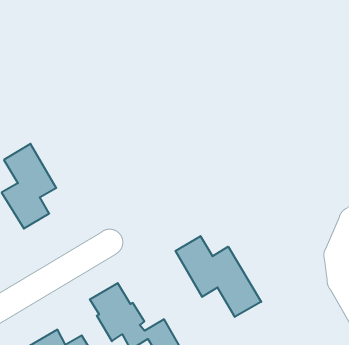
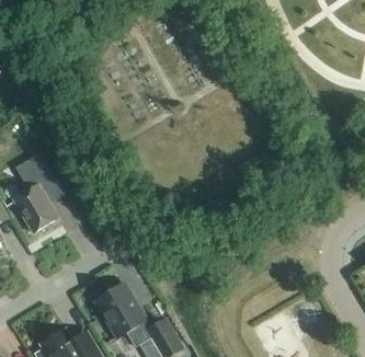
building: [176,236,261,317] -> none

